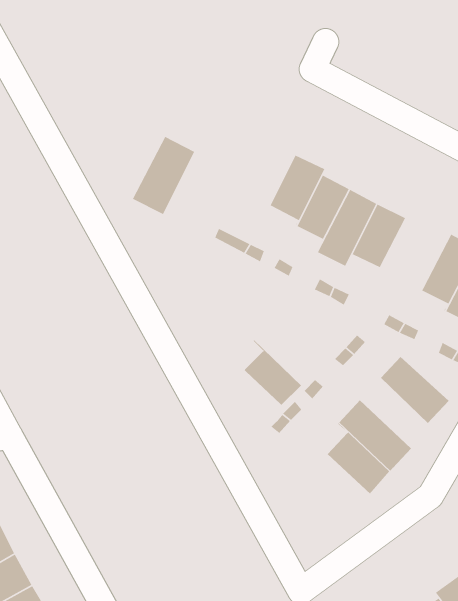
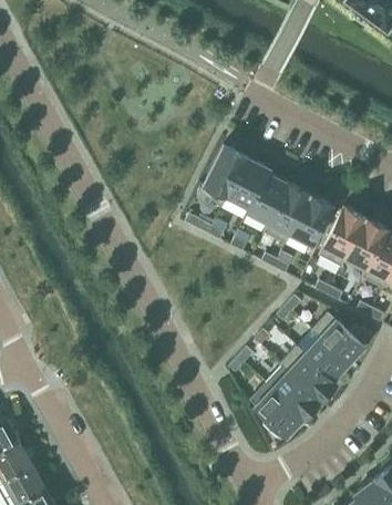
building: [132,136,195,215] -> [198,145,247,206]
building: none -> [319,206,367,267]
building: [234,339,302,410] -> [297,329,349,383]
building: none -> [255,388,305,439]

